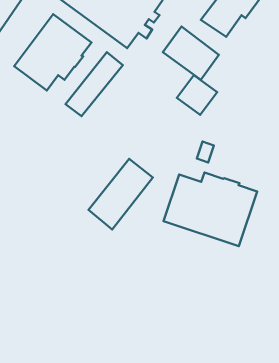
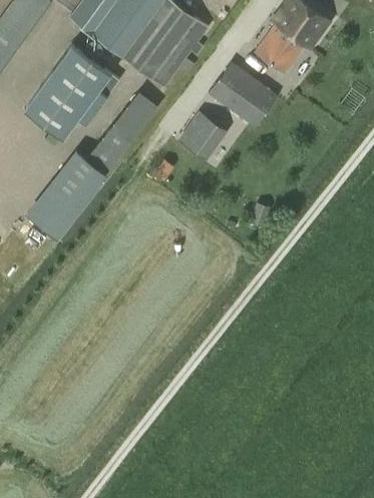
building: [177,75,217,115] -> [177,111,228,160]
building: [89,159,153,229] -> [26,151,105,238]
building: [163,173,257,246] -> none

